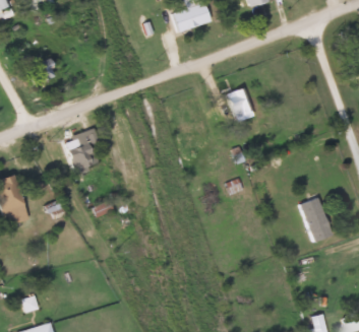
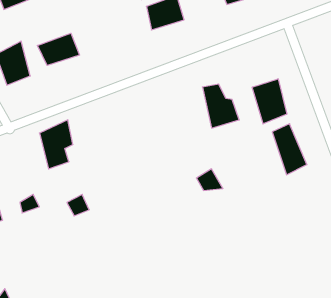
building: none -> [37,33,79,65]
building: none -> [252,79,287,124]
building: [299,193,334,244] -> [272,124,307,175]

